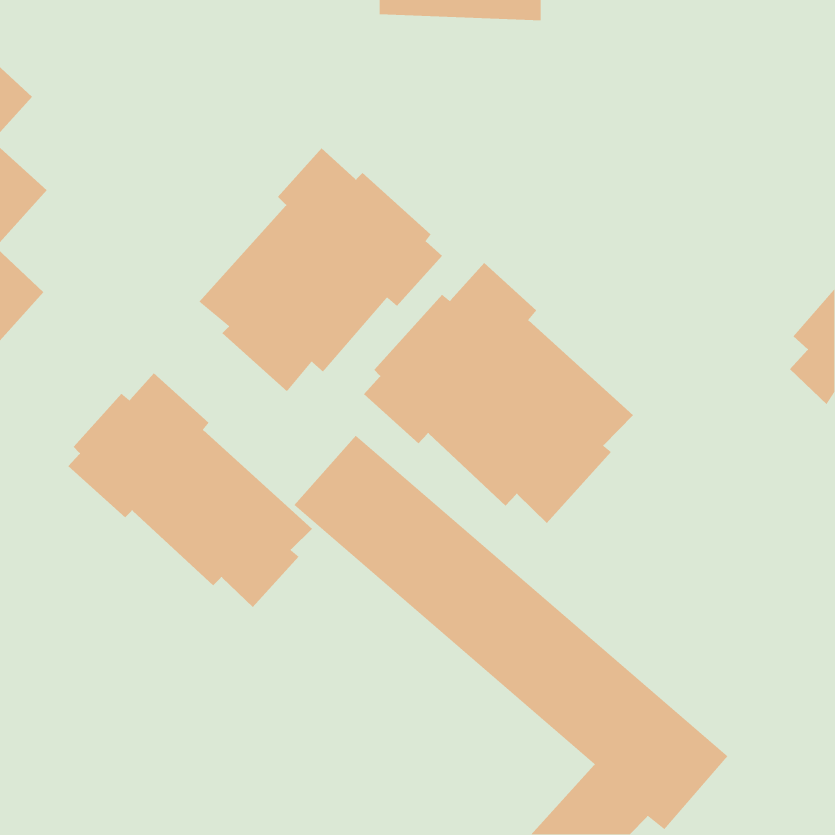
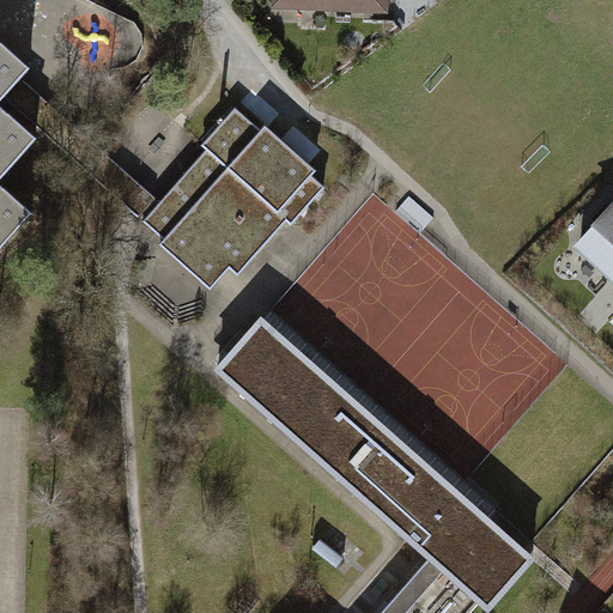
building: [363,262,634,524] -> none
building: [68,372,313,608] -> none

